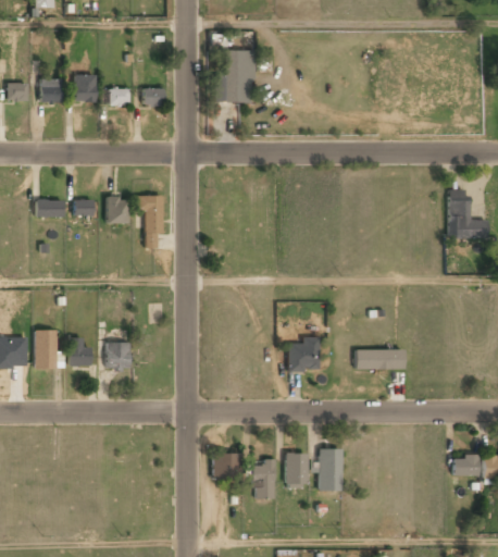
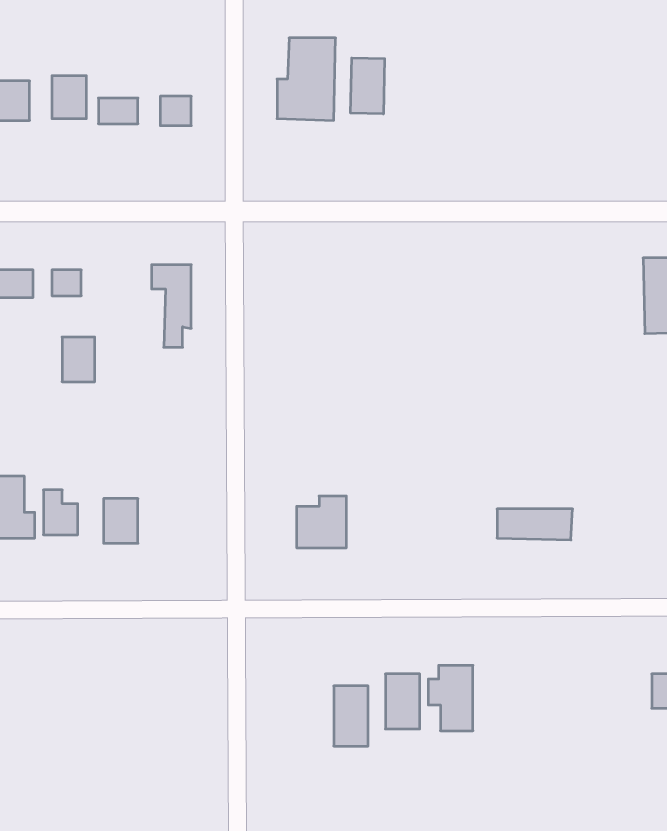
building: none -> [351,58,385,114]
building: [107,195,127,223] -> [62,337,95,382]
building: [287,338,319,371] -> [297,496,346,548]
building: [212,454,239,482] -> none

